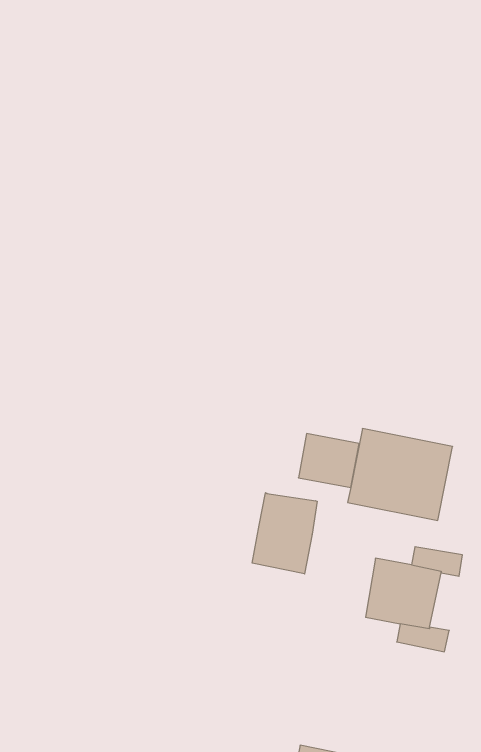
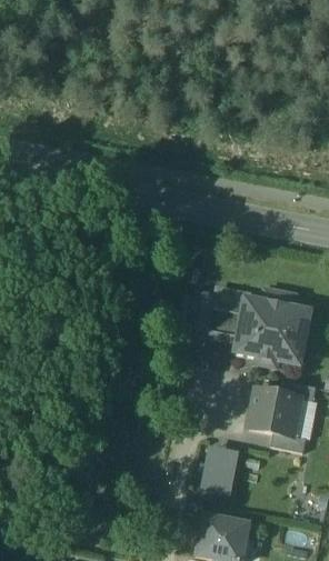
building: [252,493,317,574] -> none
building: none -> [201,444,241,494]

